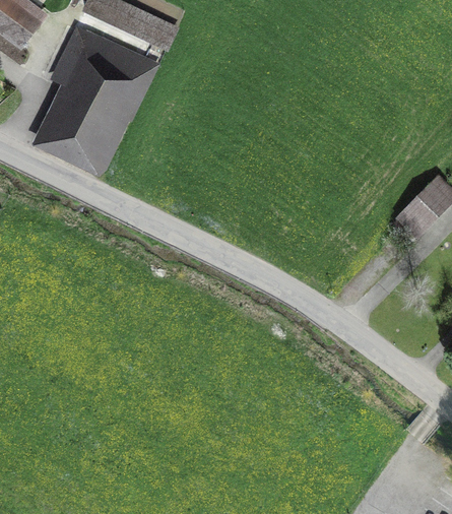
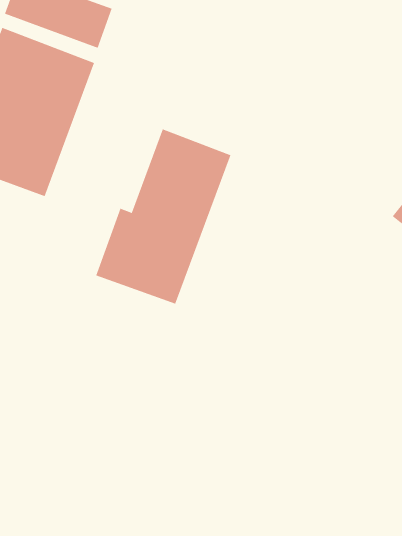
building: none -> [96,129,231,304]

